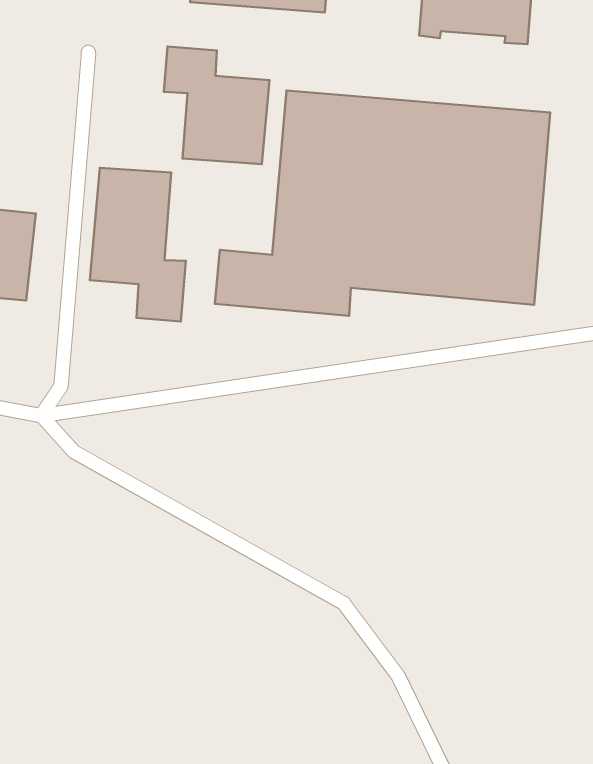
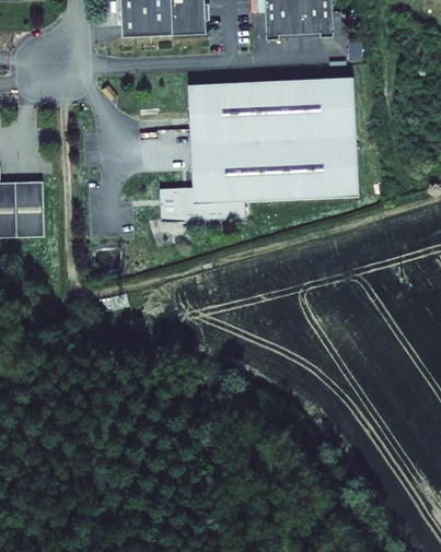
building: [164,47,269,164] -> none
building: [90,168,186,321] -> none

